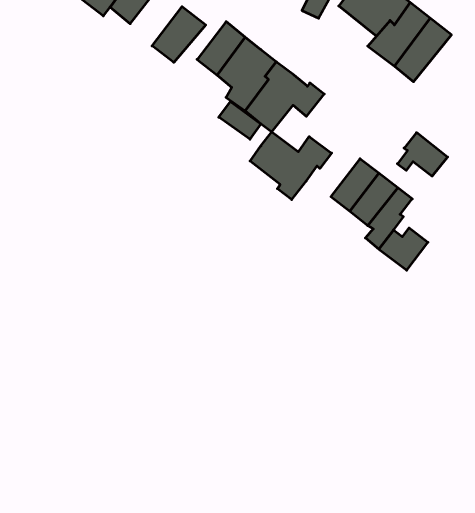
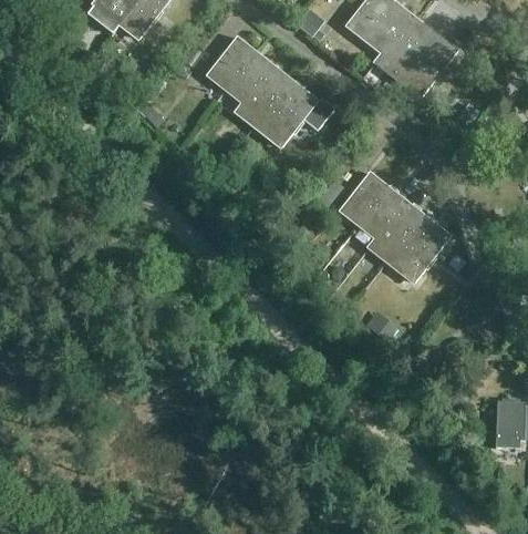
building: [152,7,206,62] -> none
building: [219,101,261,139] -> none
building: [250,132,332,200] -> none
building: [397,133,448,176] -> [401,213,451,256]

